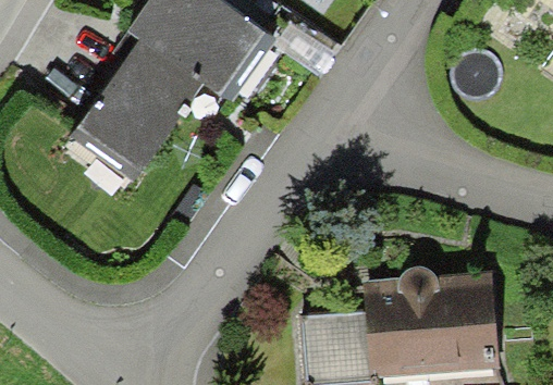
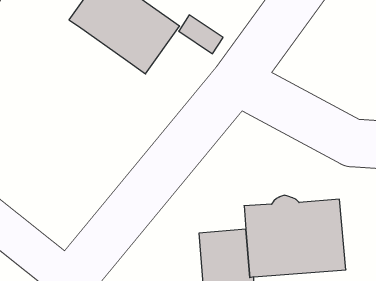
building: [76,40,201,173] -> none

